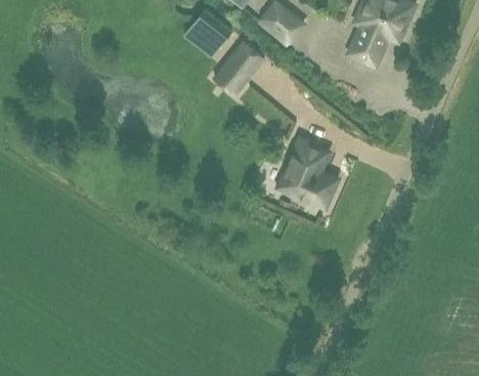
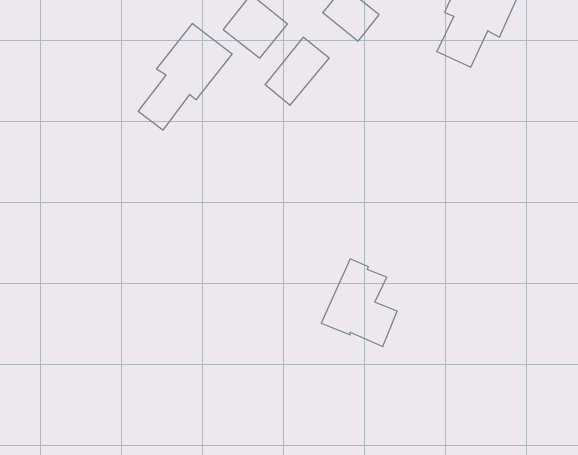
building: none -> [138,23,232,130]
building: [277,135,337,204] -> [321,259,397,347]

